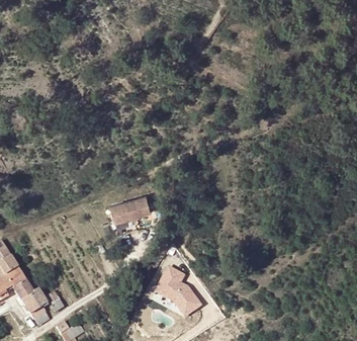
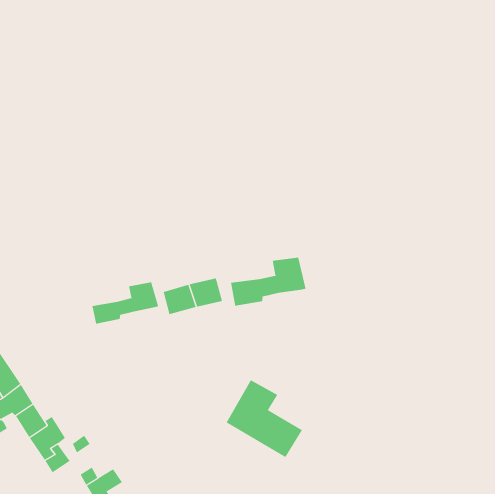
building: none -> [230,257,306,306]
building: none -> [92,281,159,325]

